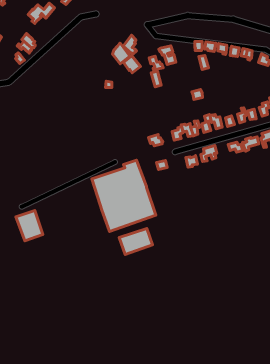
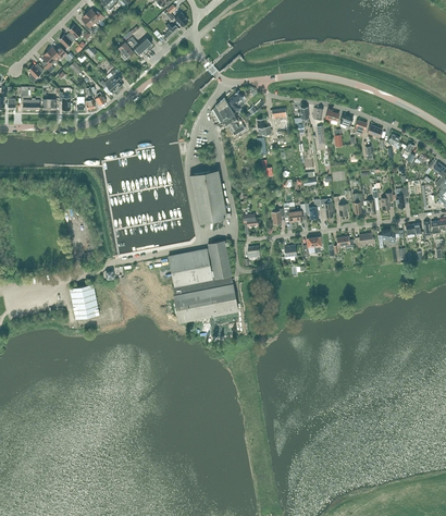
building: none -> [190,169,231,223]
building: [119,228,152,254] -> none

